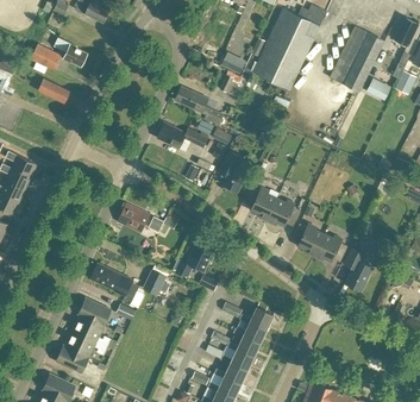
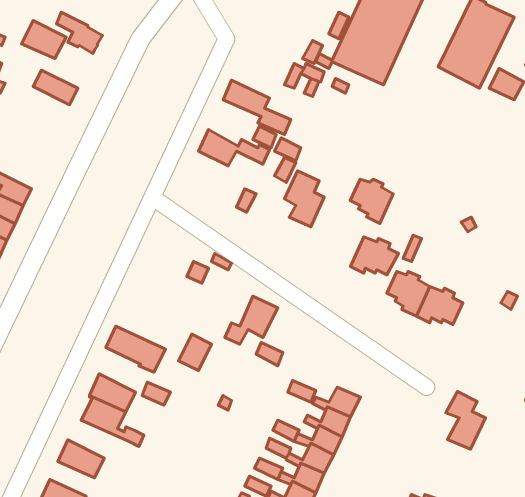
building: [245,188,276,220] -> [350,179,393,224]
building: [118,202,150,232] -> none
building: [344,249,372,290] -> [446,392,485,449]
building: [65,331,107,358] -> none

